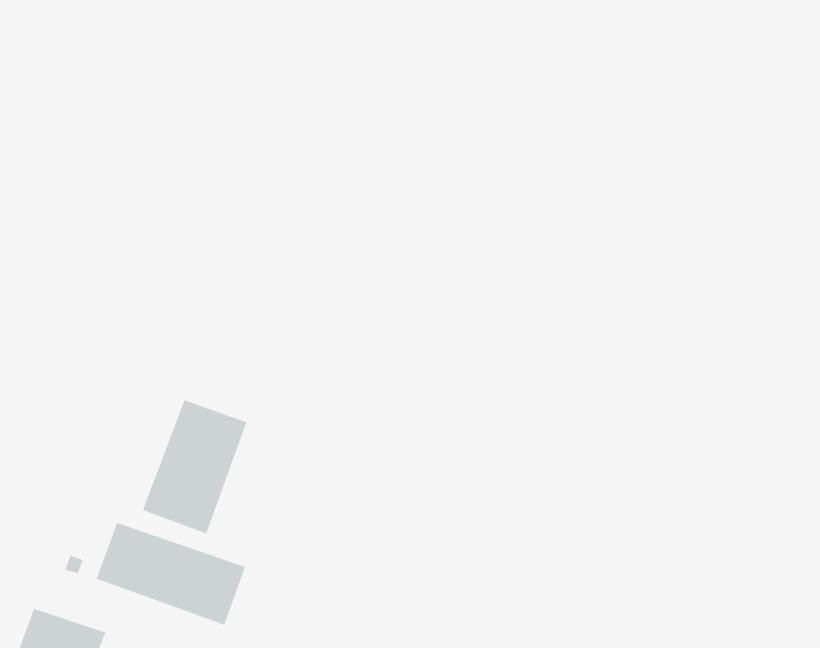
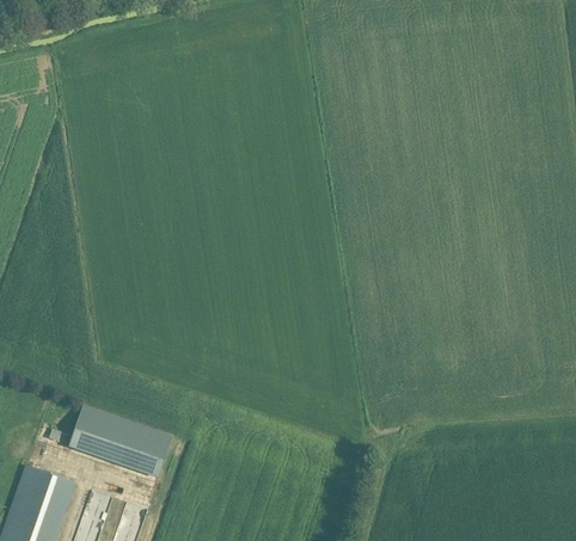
building: [142,399,247,534] -> none

